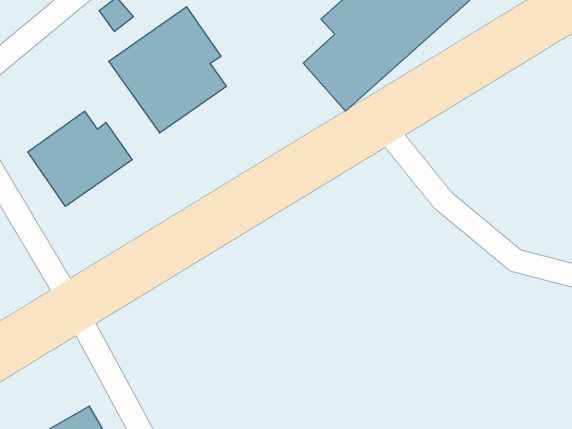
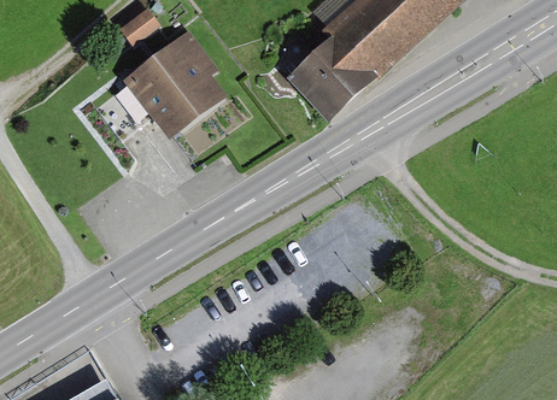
building: [28,111,132,206] -> none

